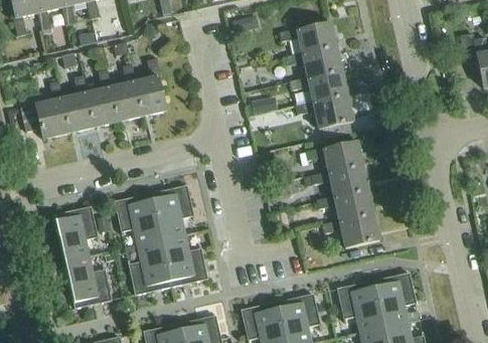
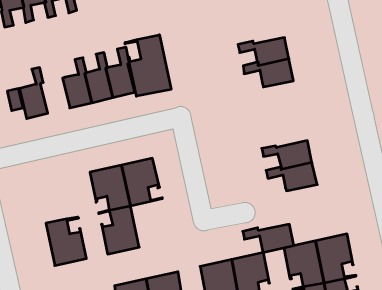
building: [280,22,338,54] -> none
building: none -> [125,35,171,96]
building: [59,75,93,134] -> none
building: [296,97,354,129] -> none
building: [306,140,364,173] -> none
building: [56,206,100,260] -> none
building: [322,215,380,247] -> [243,224,294,252]
building: [162,234,208,287] -> none

